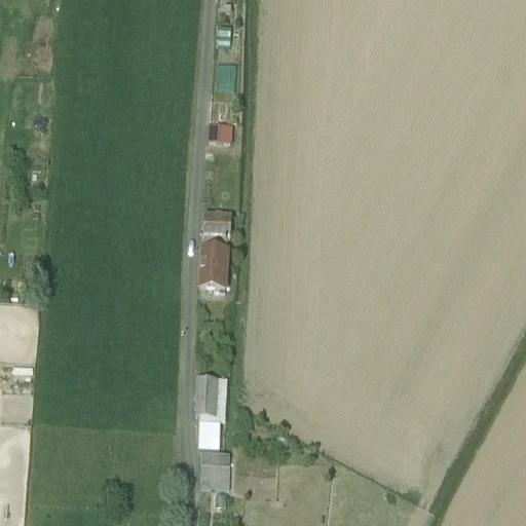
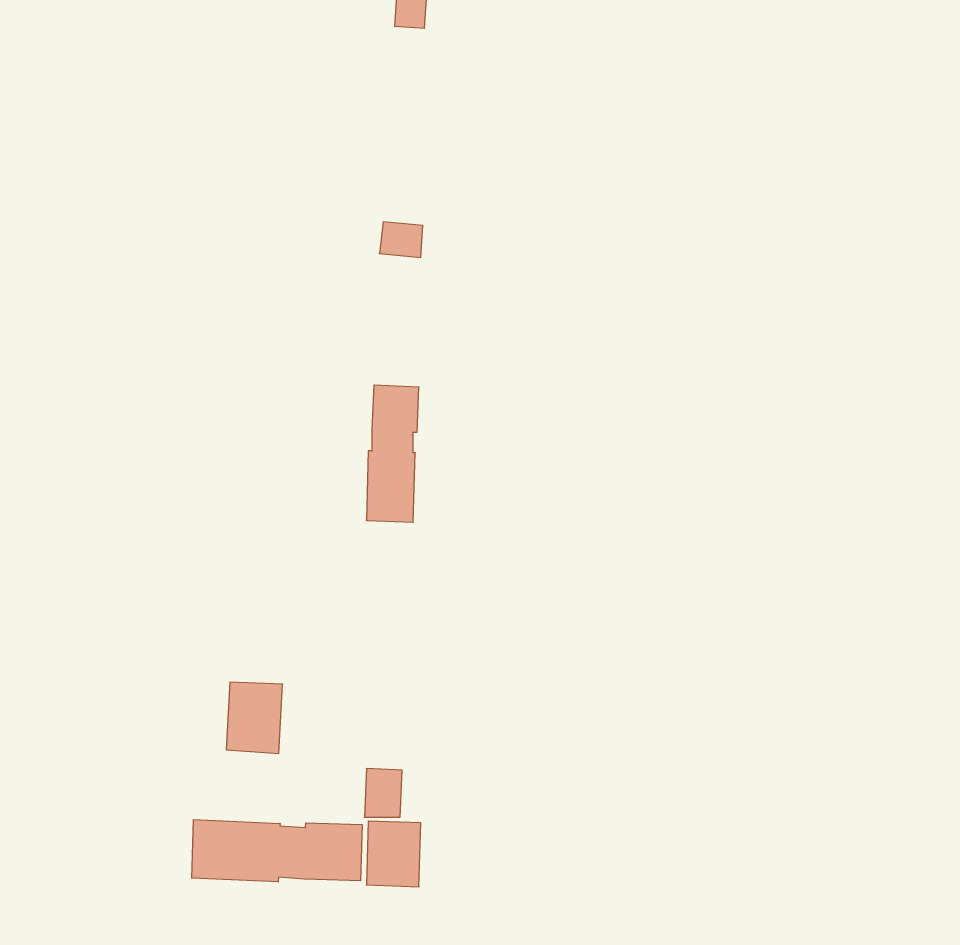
building: [195,375,226,414] -> [226,682,283,754]
building: none -> [192,820,362,882]

